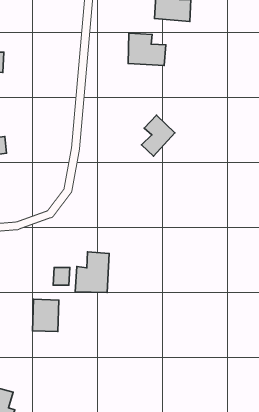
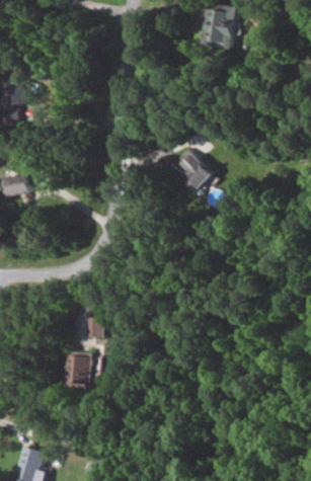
building: [128,33,166,65] -> none
building: [75,252,109,292] -> none

